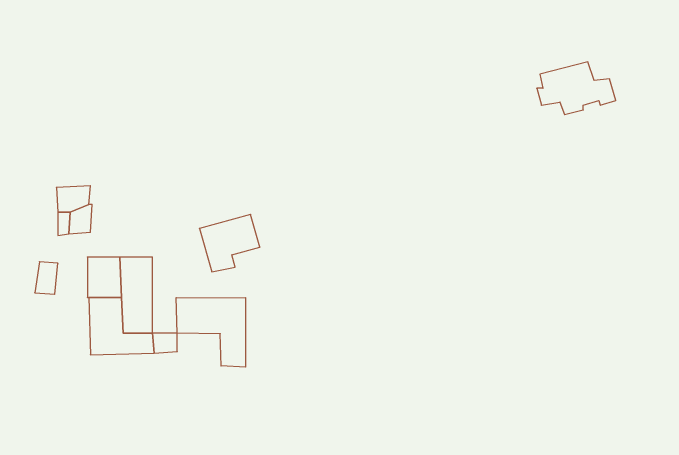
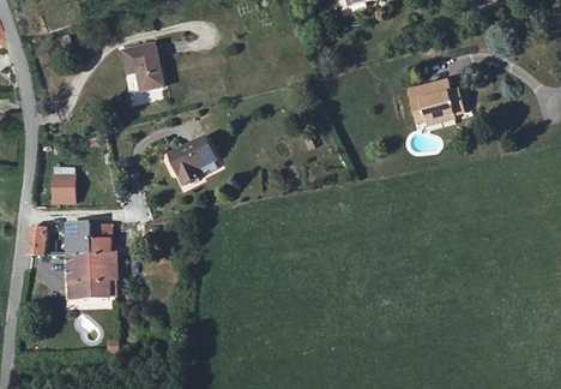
building: none -> [122,43,162,91]
building: [199,214,260,272] -> [161,137,207,181]
building: [176,298,246,367] -> none

